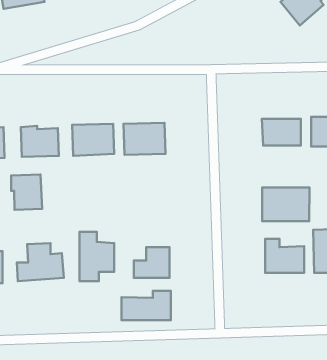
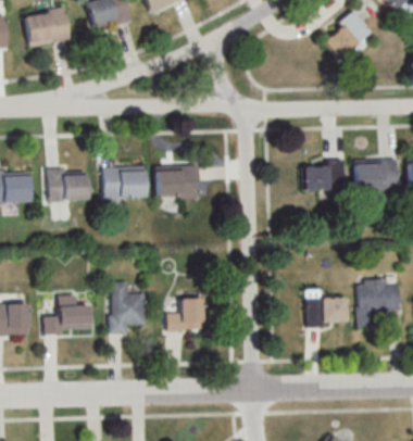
building: [11,175,42,210] -> none
building: [262,188,309,221] -> none
building: [122,291,171,320] -> none

